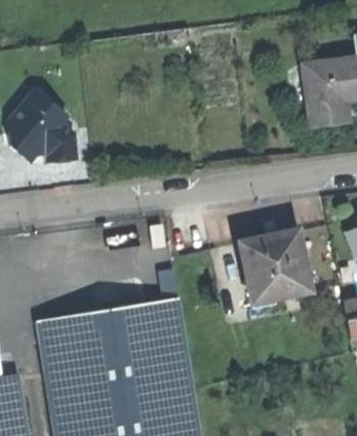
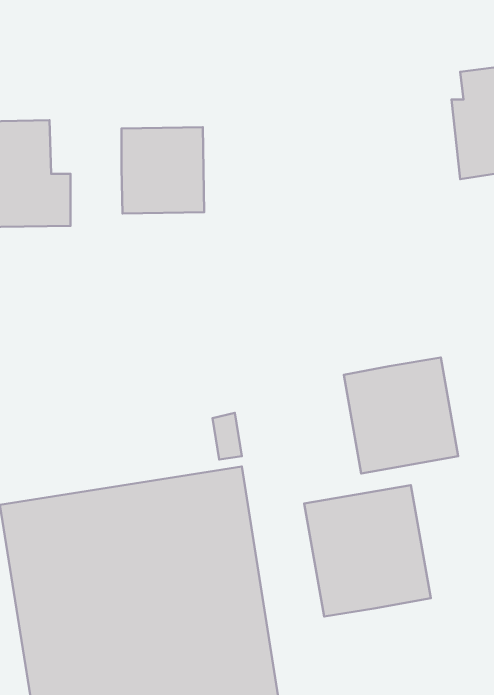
building: none -> [121,127,204,213]
building: none -> [304,485,431,616]

